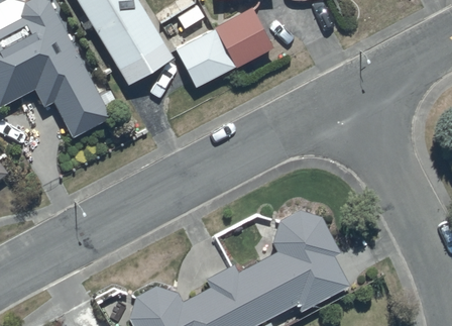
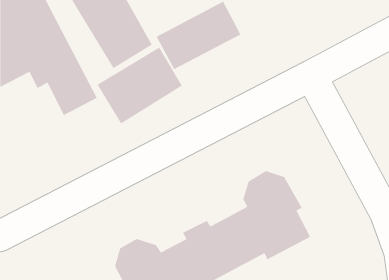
building: none -> [96,47,183,125]

